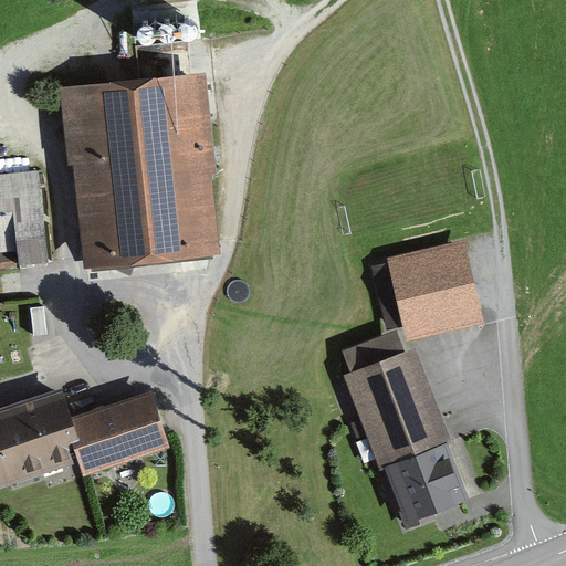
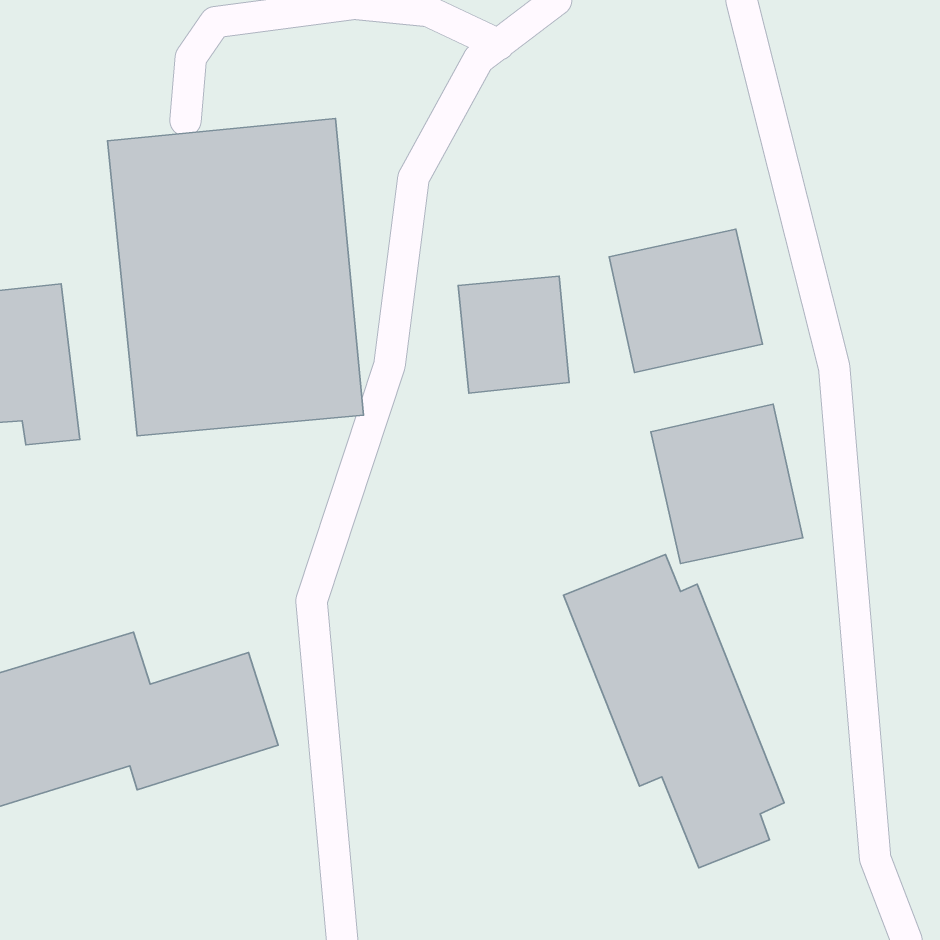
building: none -> [609,229,763,373]
building: none -> [458,276,569,393]

